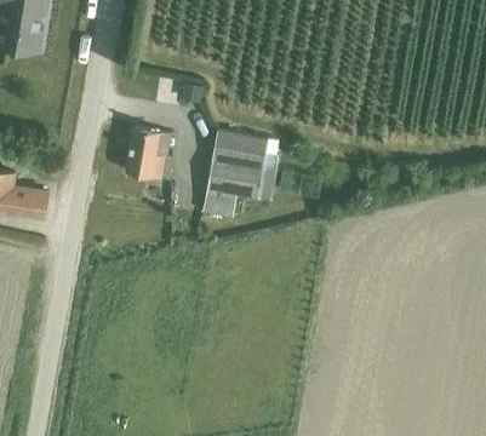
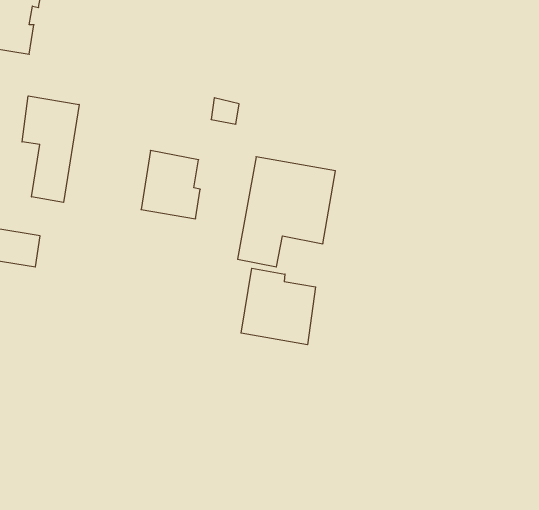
building: none -> [22,96,79,202]
building: none -> [241,268,316,345]

